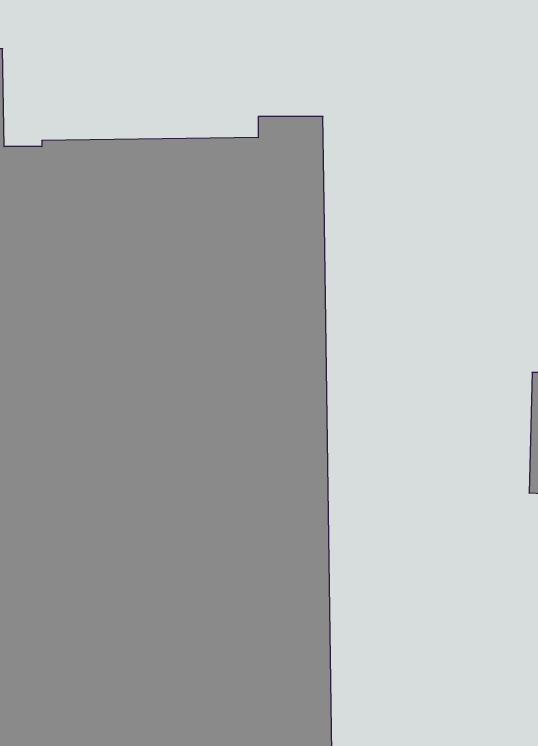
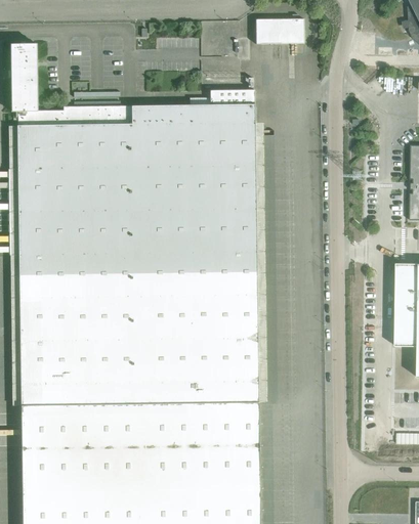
building: none -> [255,19,304,44]

